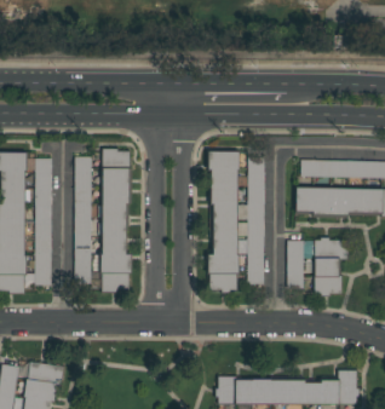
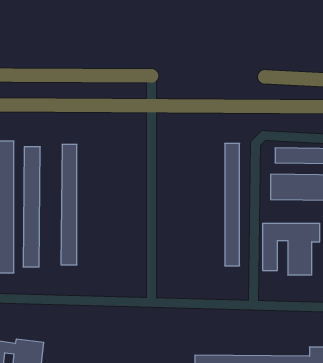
building: [103,149,131,292] -> none
building: [209,151,239,292] -> none

